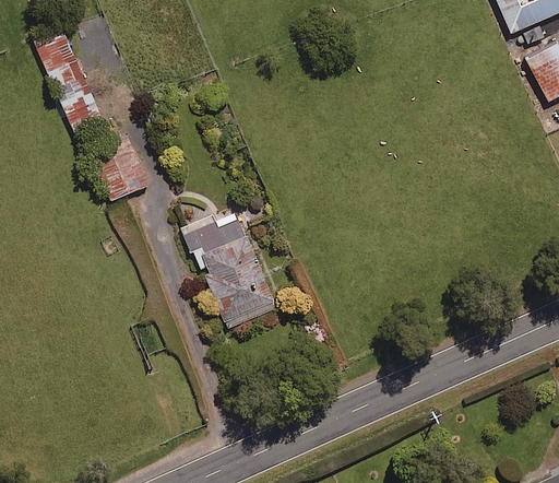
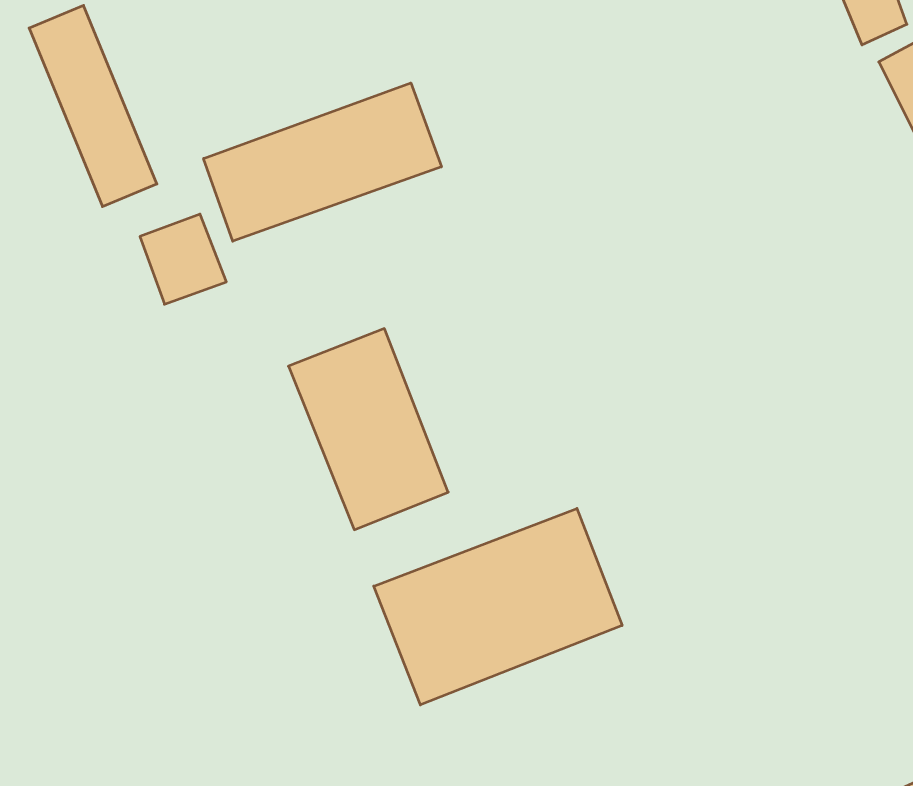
building: none -> [204,83,441,241]
building: none -> [374,508,622,705]

